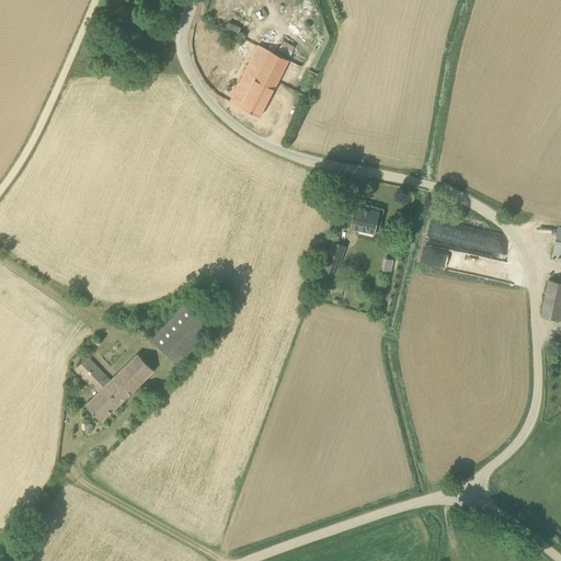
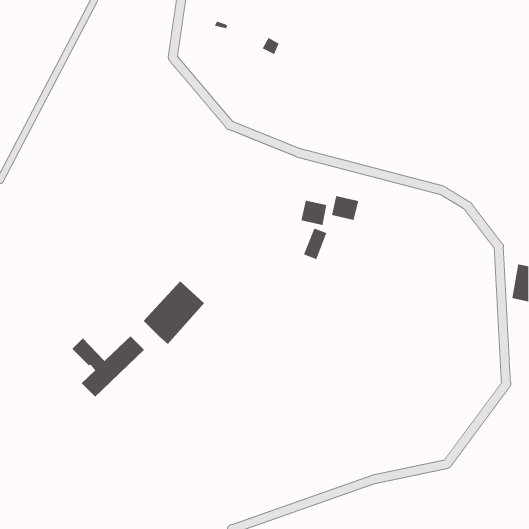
building: [241,45,289,117] -> none
building: none -> [301,200,327,226]
building: [425,220,507,257] -> none

